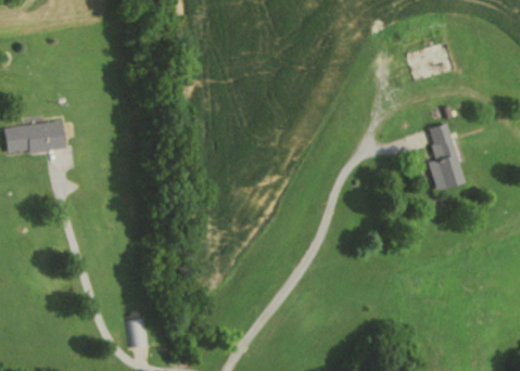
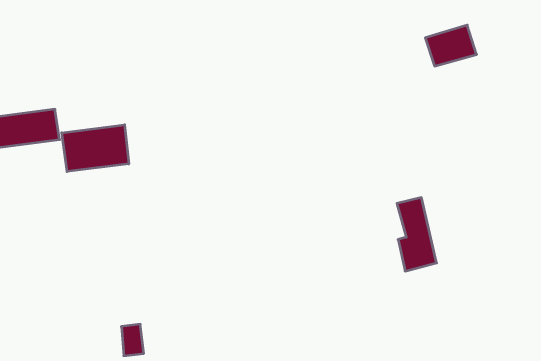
building: [428,123,465,191] -> [397,198,437,271]
building: none -> [62,125,129,172]

